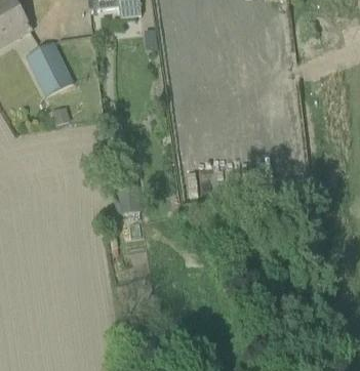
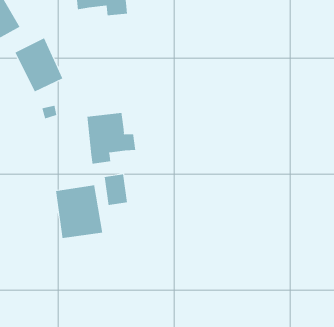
building: none -> [87,112,136,164]
building: none -> [56,185,103,239]

